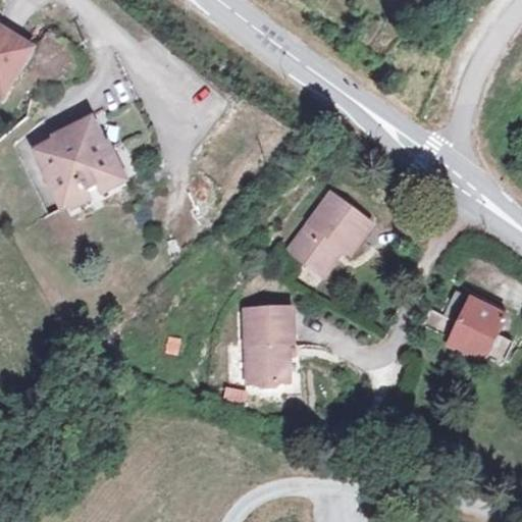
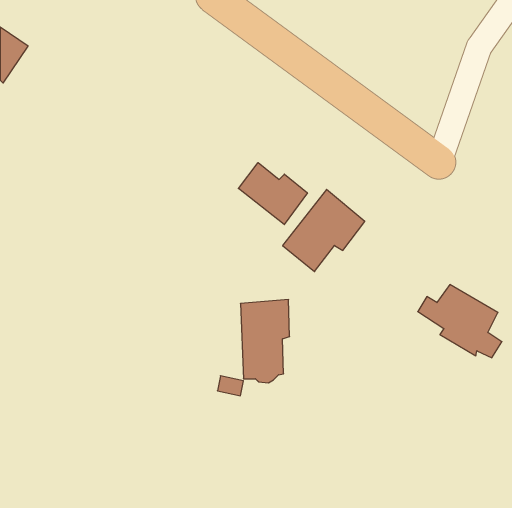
building: [38,111,119,198] -> none
building: none -> [238,163,307,225]

